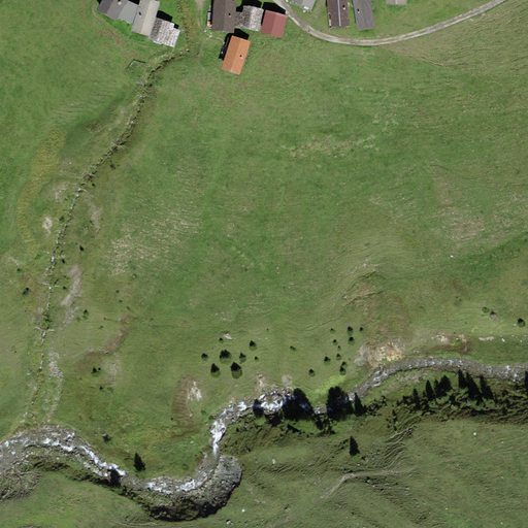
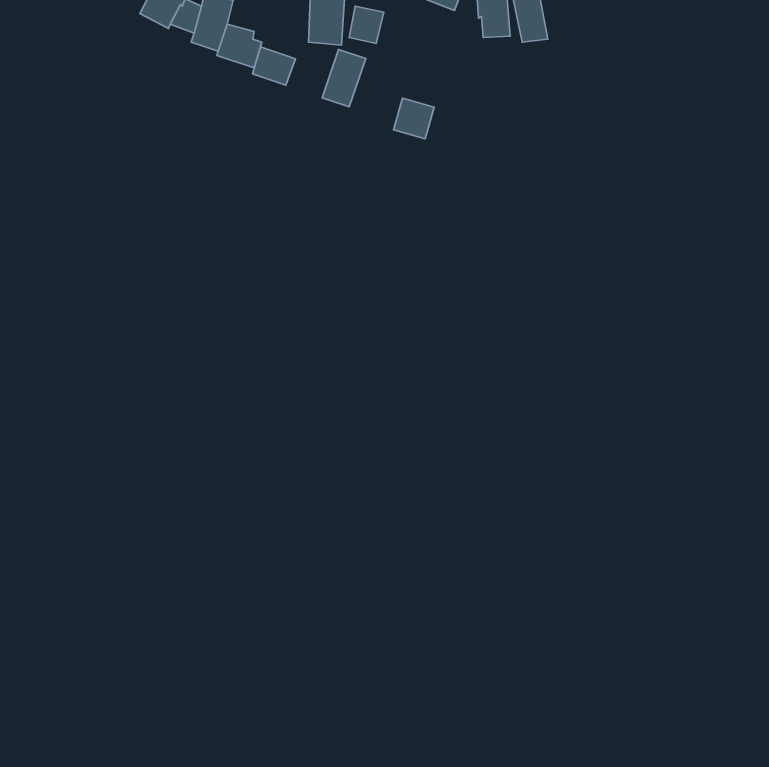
building: [260,8,288,36] -> [394,98,434,139]
building: none -> [252,47,296,85]

